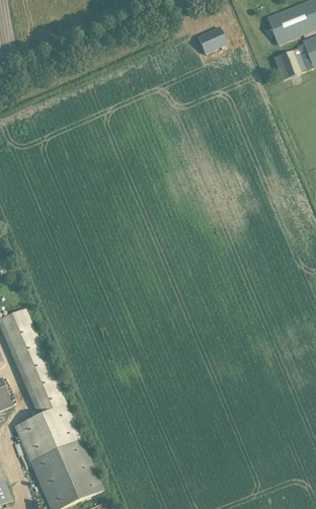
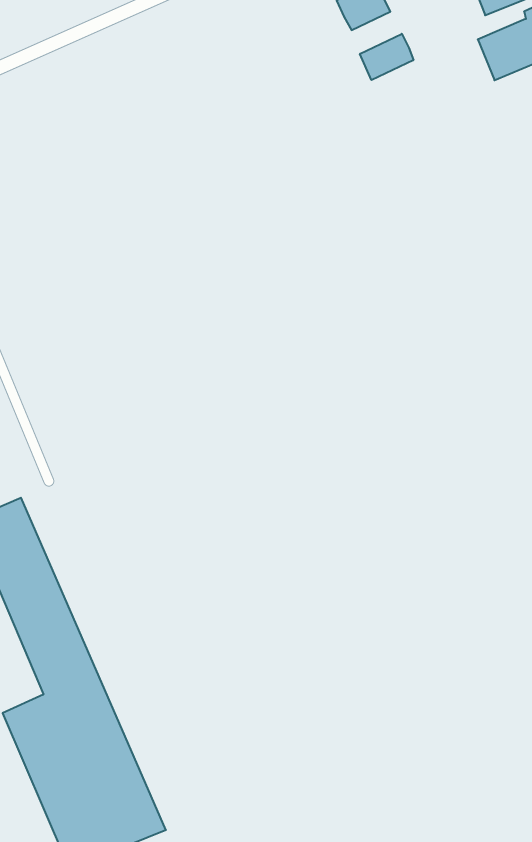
building: none -> [360,34,413,80]

